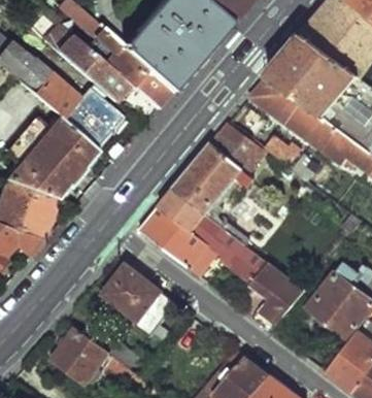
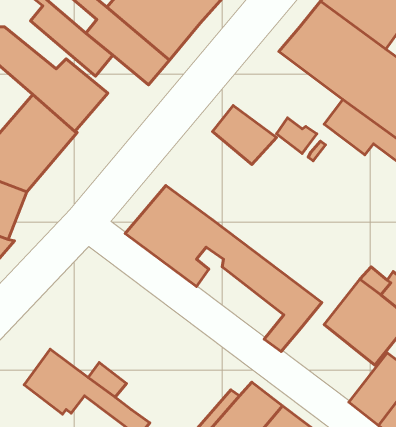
building: [250,79,322,140] -> none
building: [173,146,248,221] -> none
building: [105,267,175,335] -> none

